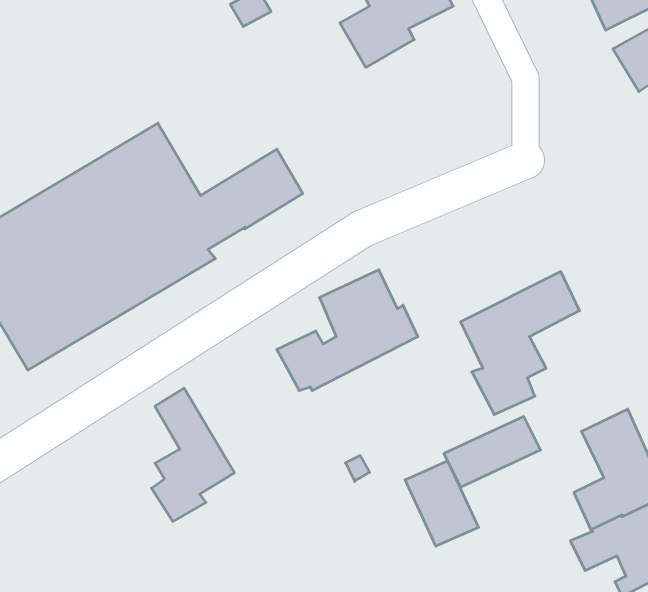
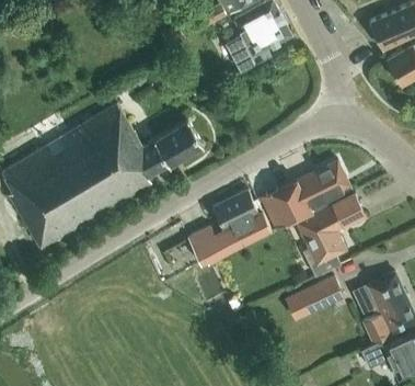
building: none -> [260,160,353,229]
building: [151,388,234,521] -> none
building: [405,461,479,546] -> none

